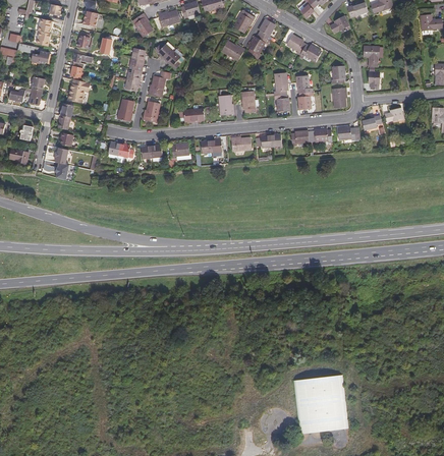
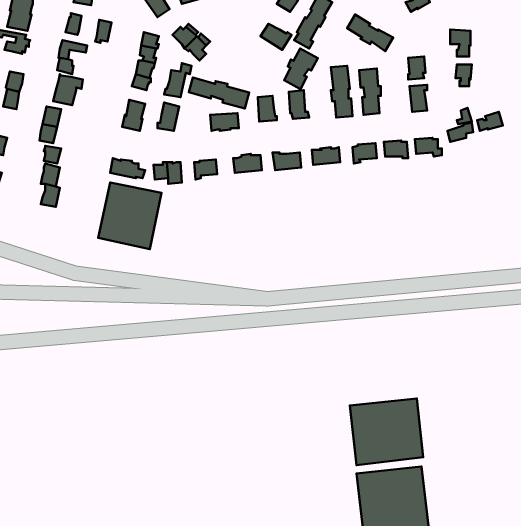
building: none -> [284,49,318,89]
building: none -> [189,78,249,109]
building: none -> [98,182,162,249]
building: none -> [350,398,423,465]

